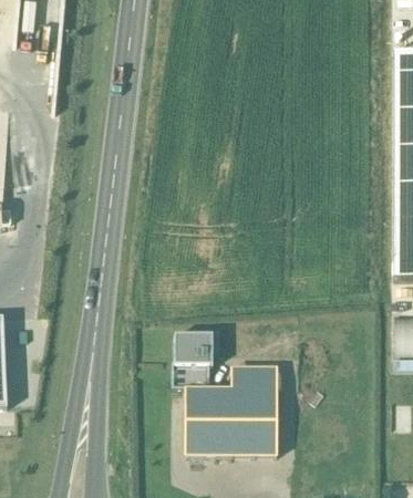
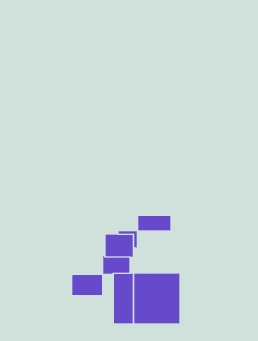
building: [234,365,279,386] -> [138,215,171,231]
building: none -> [72,274,102,296]

